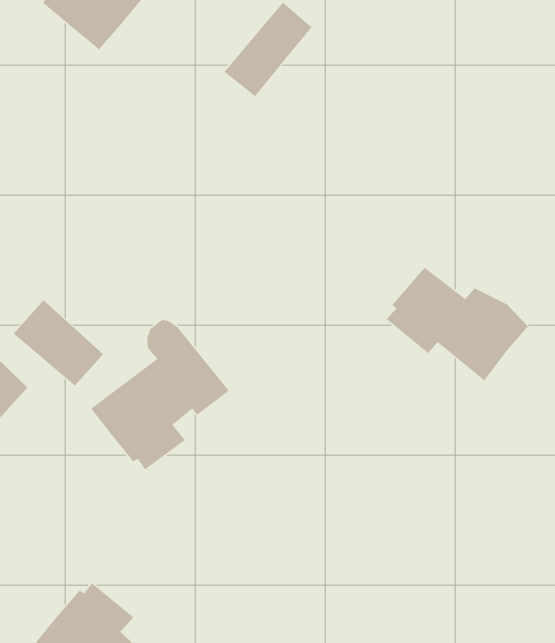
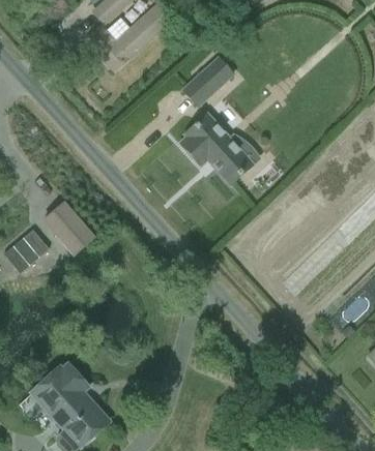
building: [386,267,529,381] -> [181,115,260,183]
building: [90,319,230,470] -> none

